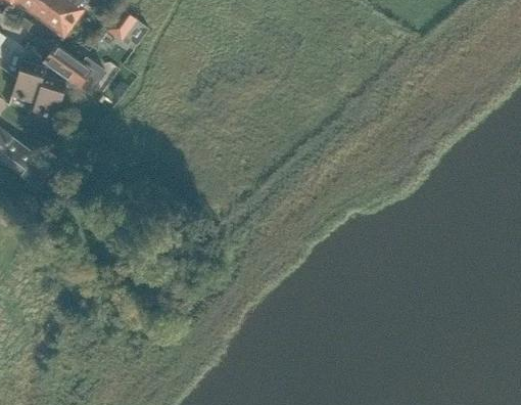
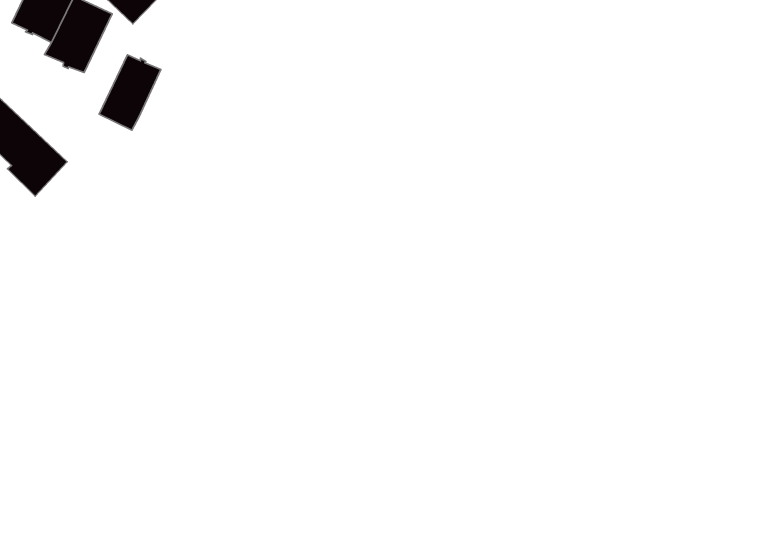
building: none -> [99,55,161,130]

